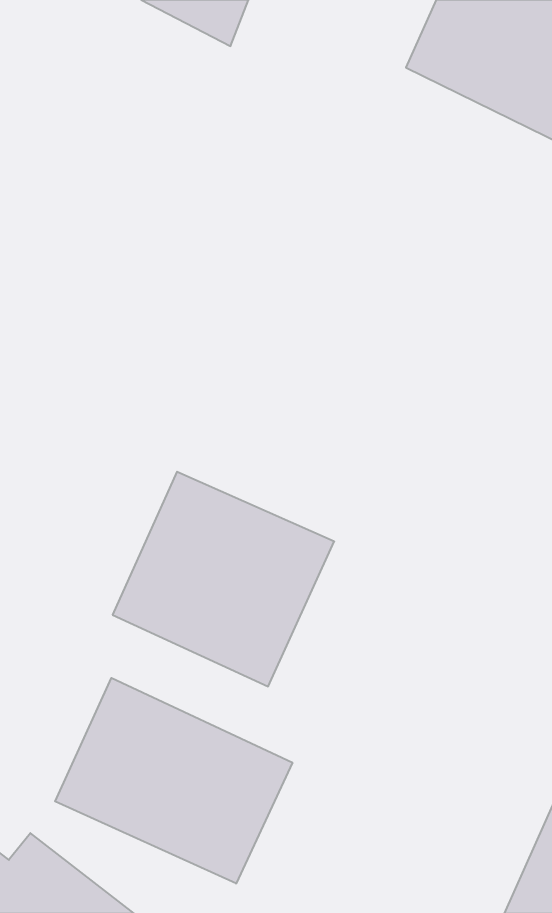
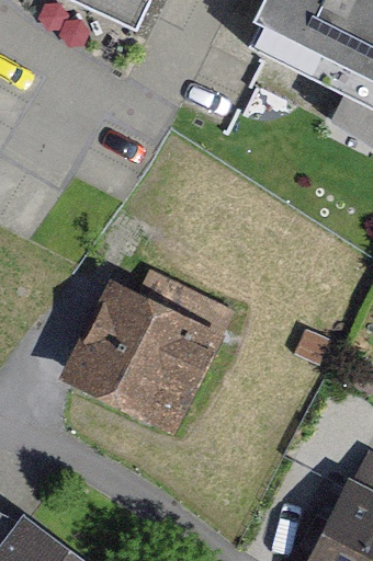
building: [55,678,292,884] -> none

